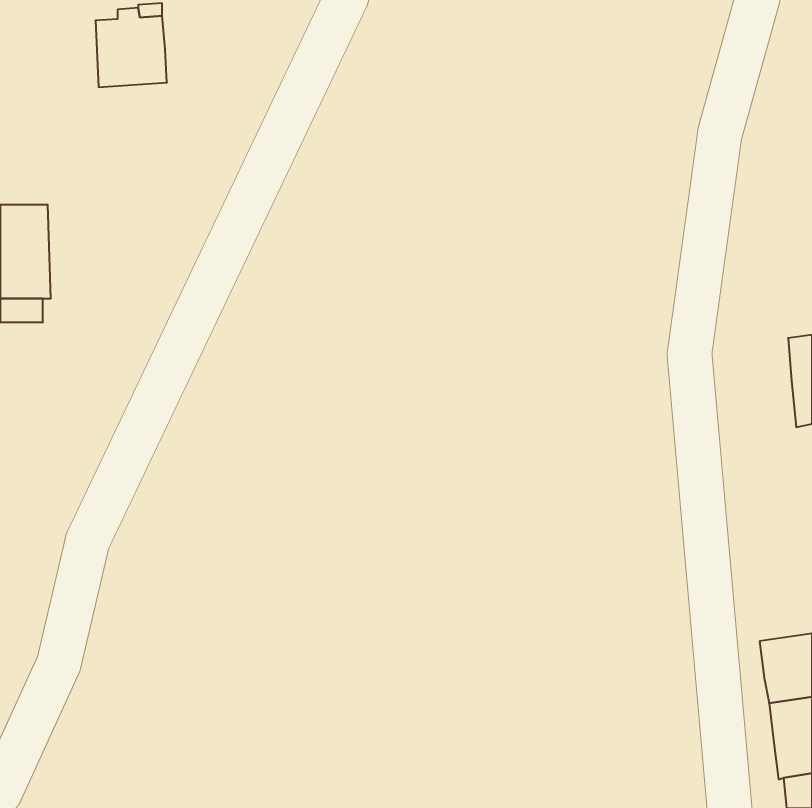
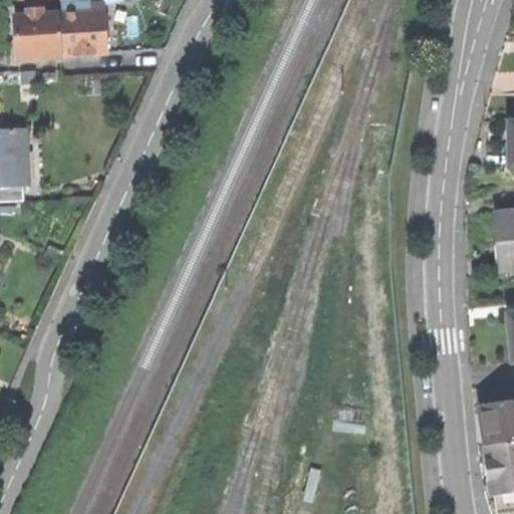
building: none -> [15,7,62,58]

